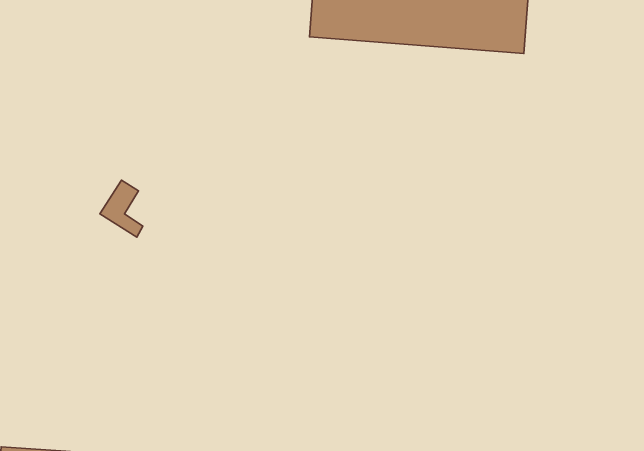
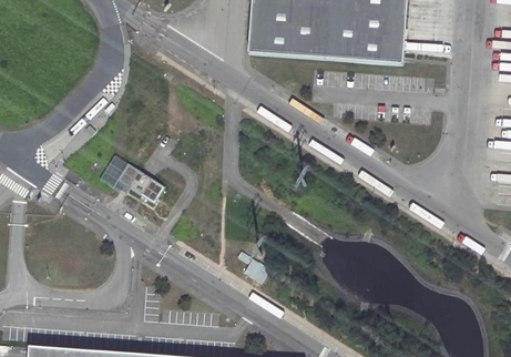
building: none -> [115,163,163,204]

